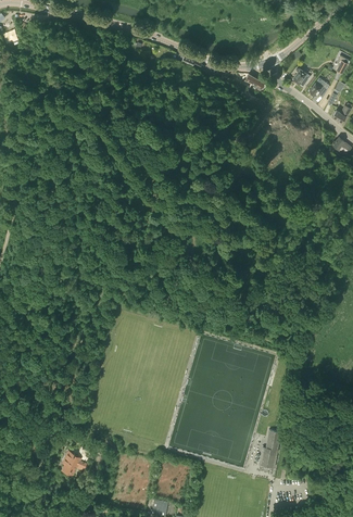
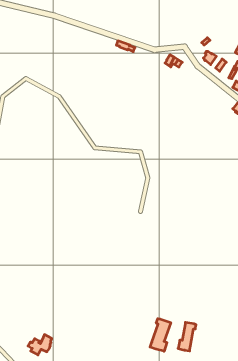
building: none -> [150,319,171,351]

